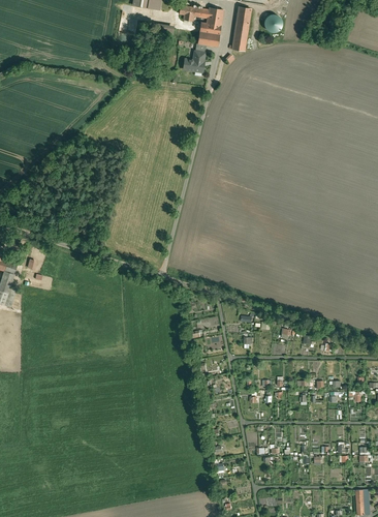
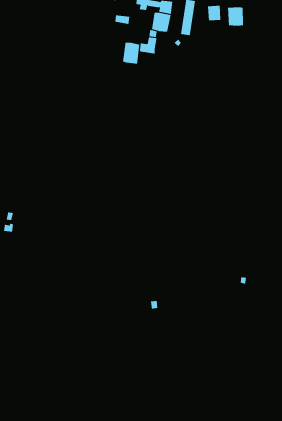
building: none -> [227,7,243,26]
building: none -> [122,42,140,64]

